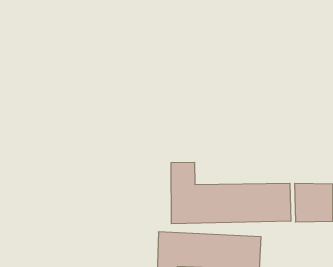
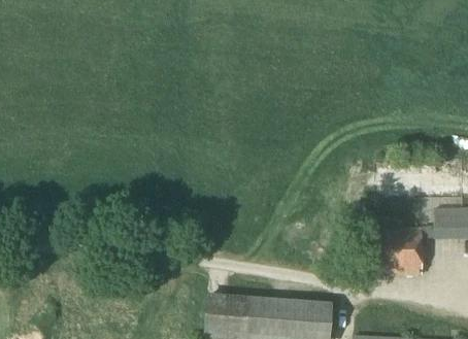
building: [171,162,291,224] -> none

